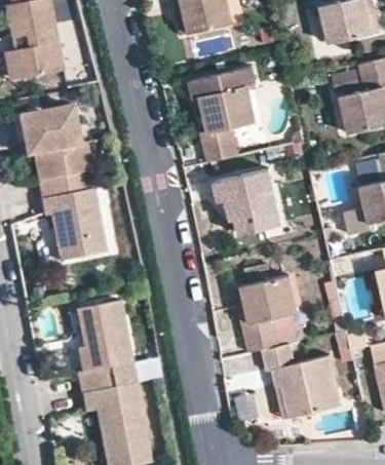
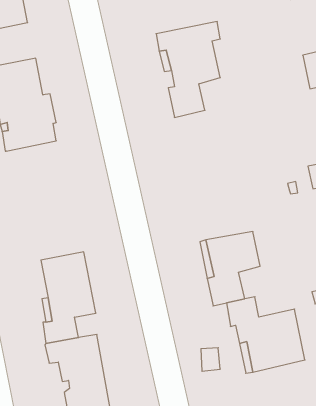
building: [216,171,284,236] -> none
building: [41,186,106,259] -> none

